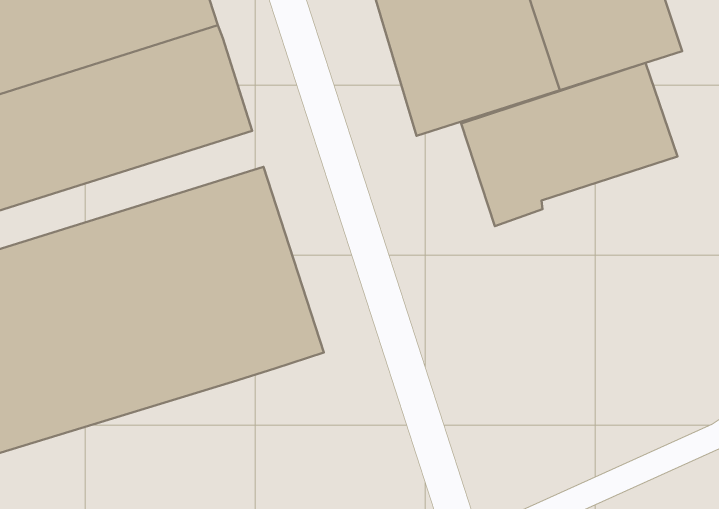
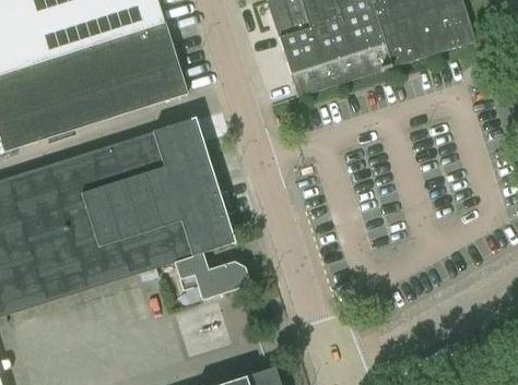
building: [461,63,677,226] -> none
building: none -> [173,253,245,300]

